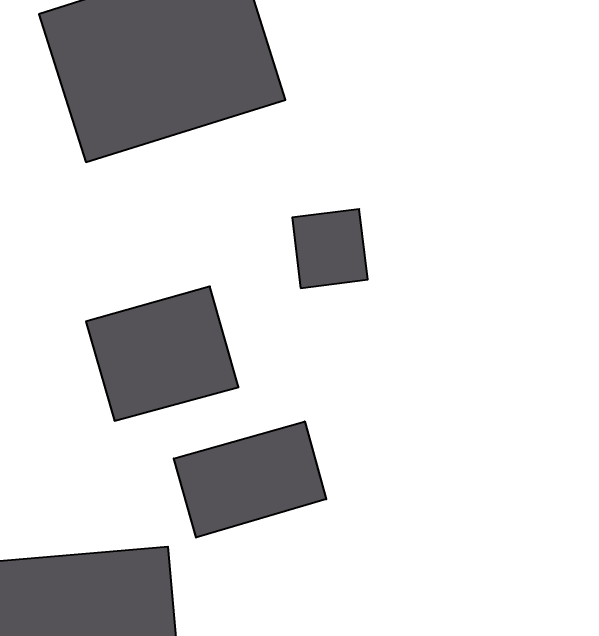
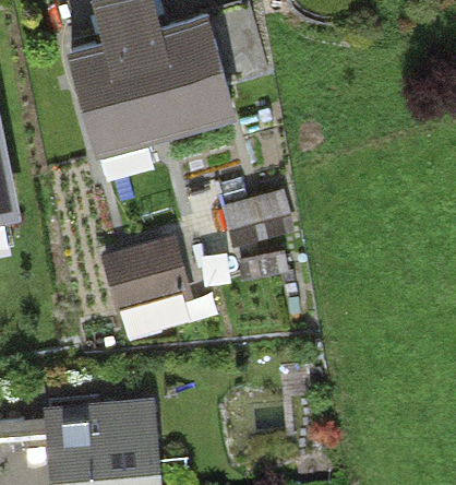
building: [174,421,326,538] -> none

